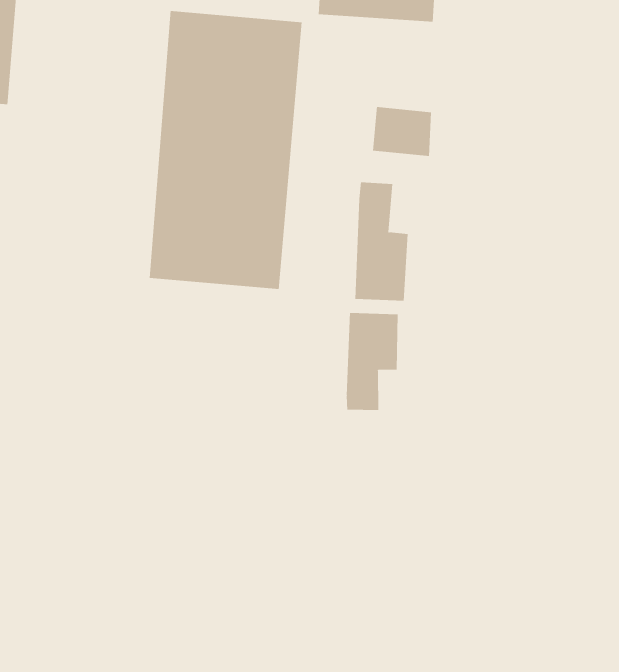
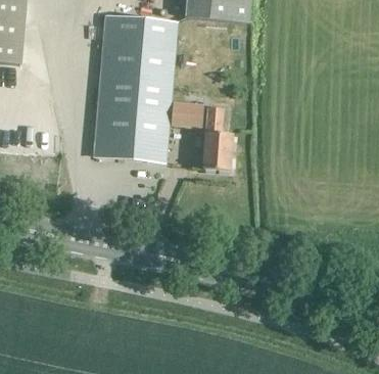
building: [372,106,432,156] -> [172,100,203,127]
building: [346,312,398,411] -> none

